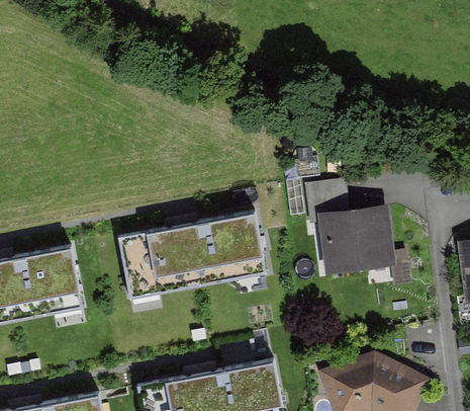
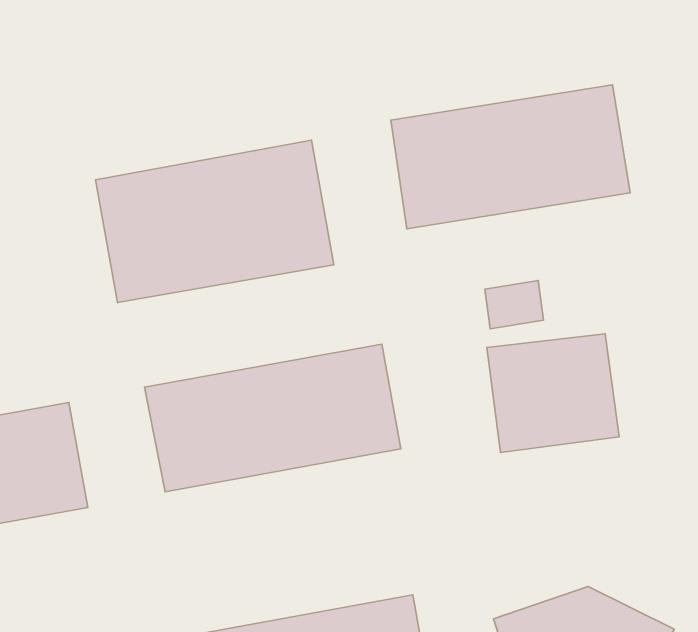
building: none -> [391,85,630,229]
building: none -> [95,140,334,303]

